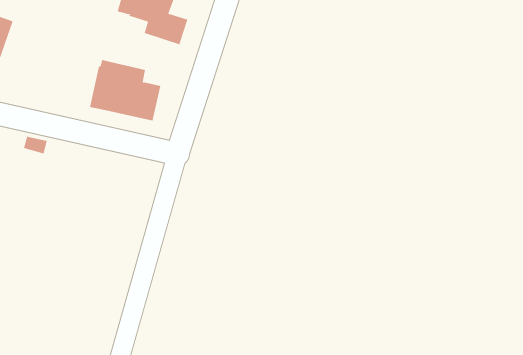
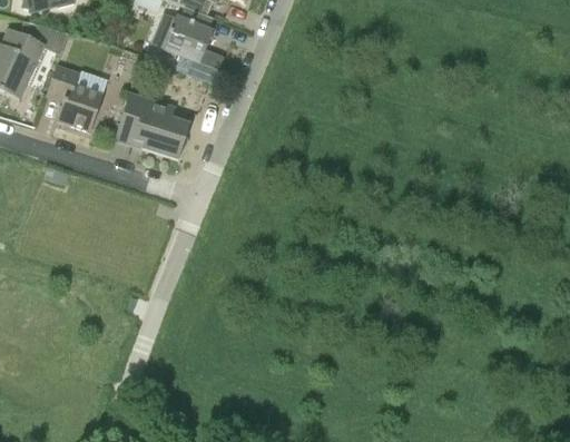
building: none -> [47,63,104,130]

